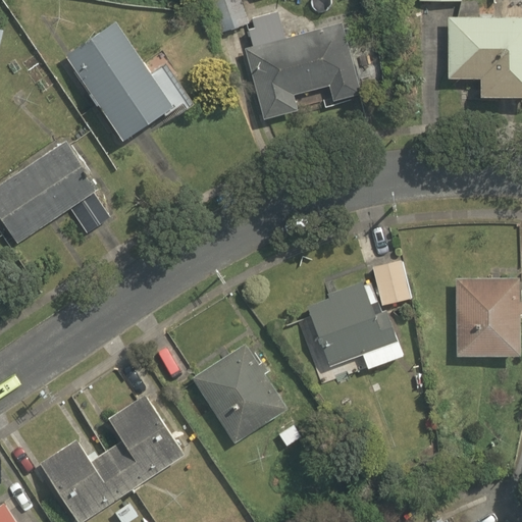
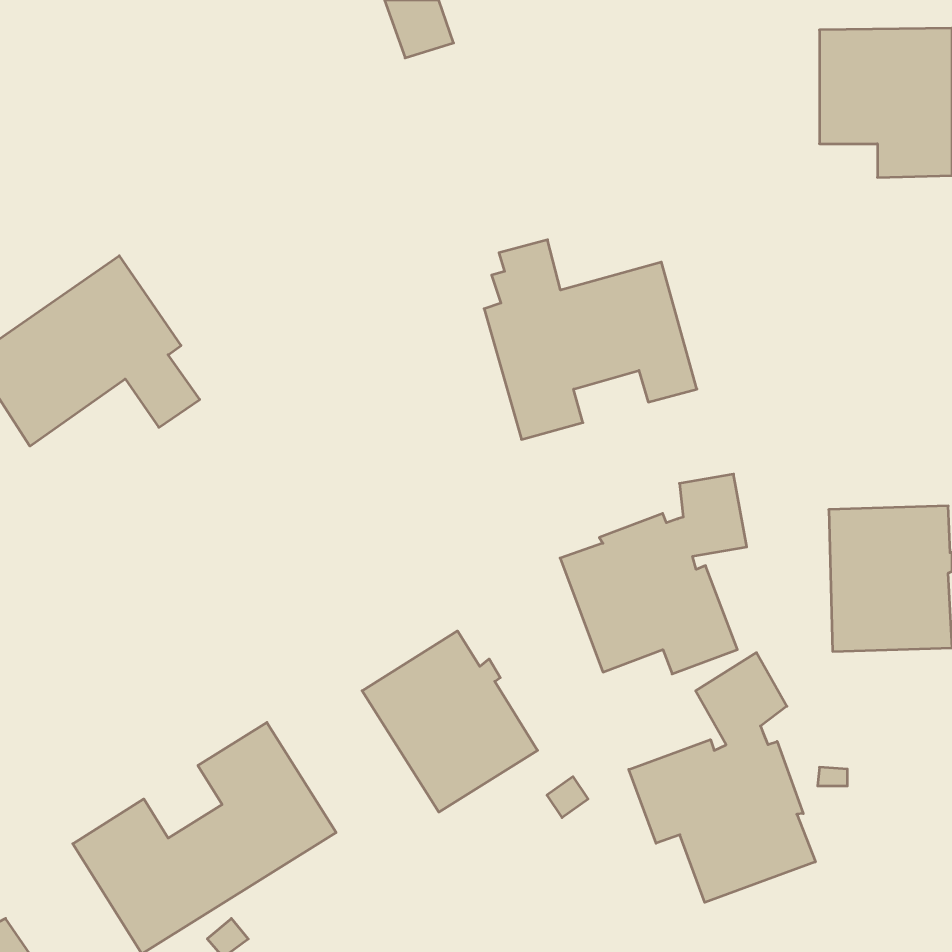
building: [244,12,360,121] -> [484,240,697,439]
building: [64,20,184,142] -> none
building: none -> [629,653,815,902]

